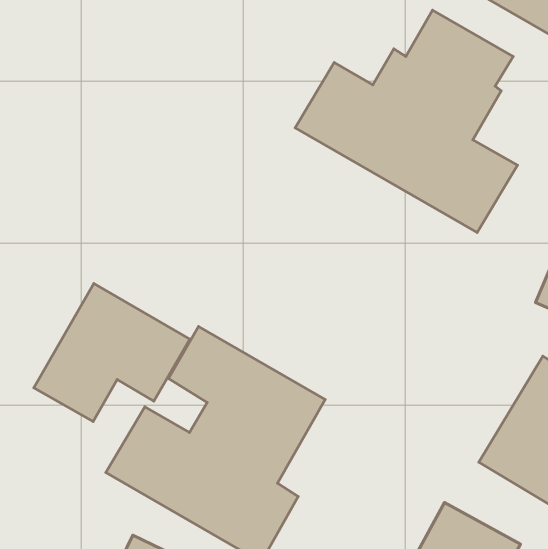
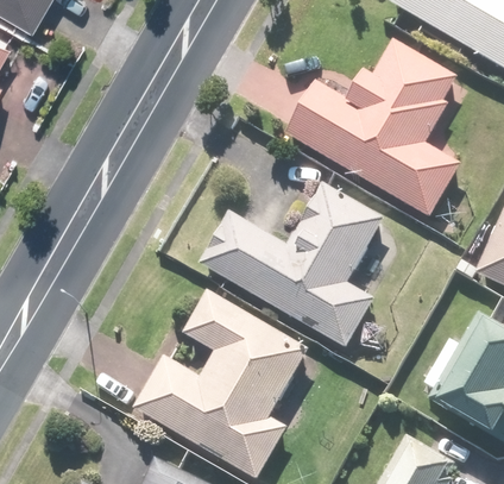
building: none -> [199,183,384,347]
building: [34,283,190,422] -> none

